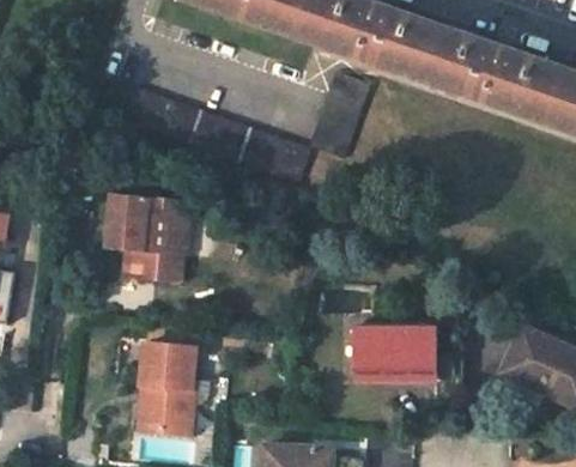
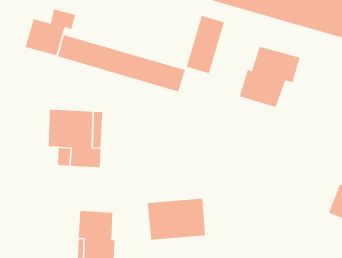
building: none -> [24,8,76,56]
building: none -> [239,46,301,108]
building: [351,325,433,382] -> [147,198,206,241]

